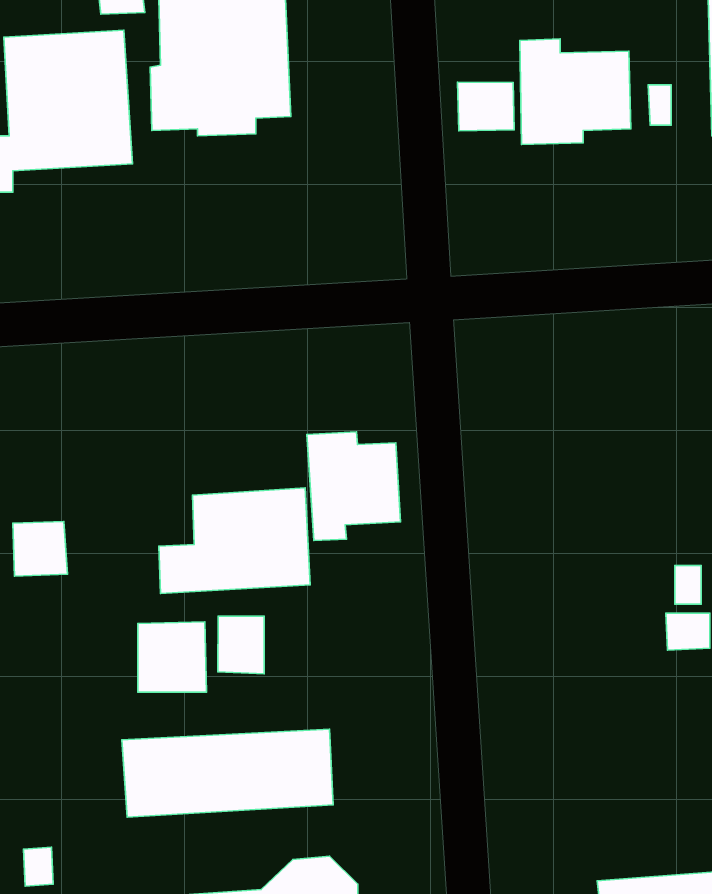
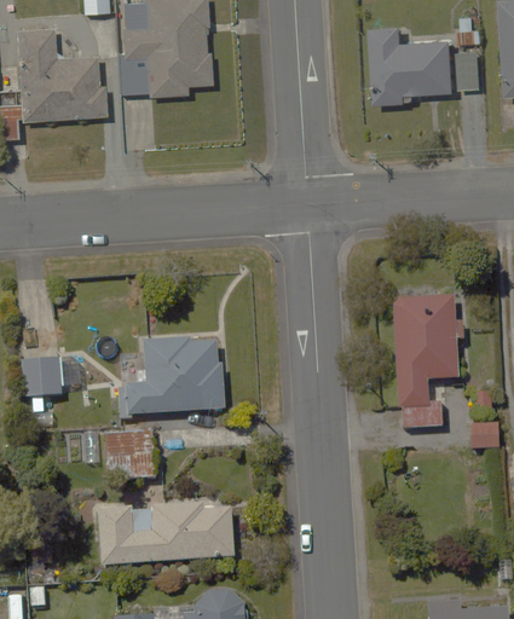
building: [458,82,514,131] -> none
building: none -> [391,297,463,410]
building: [307,432,401,540] -> none
building: [218,616,264,674] -> none

